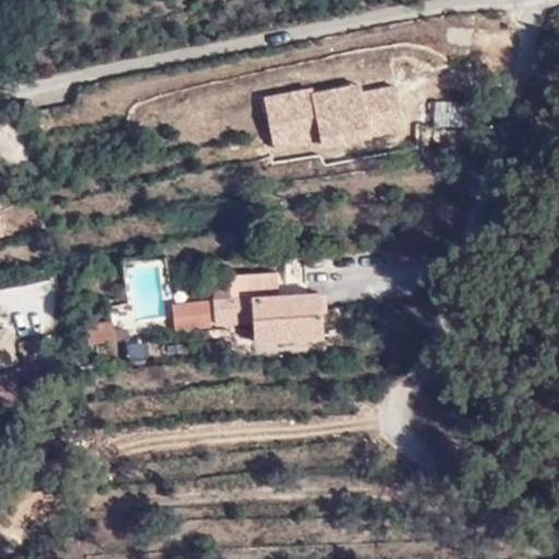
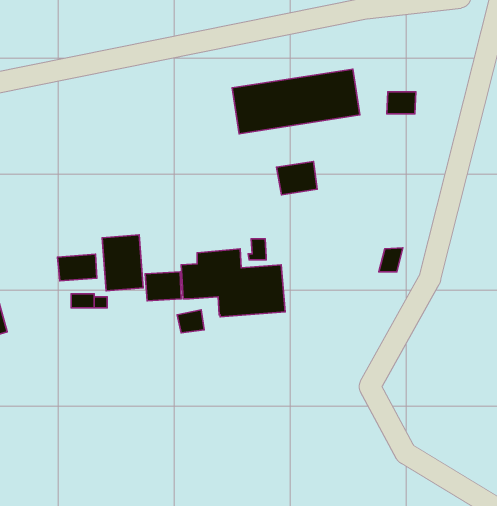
building: none -> [277,161,317,195]
building: none -> [57,254,97,281]

